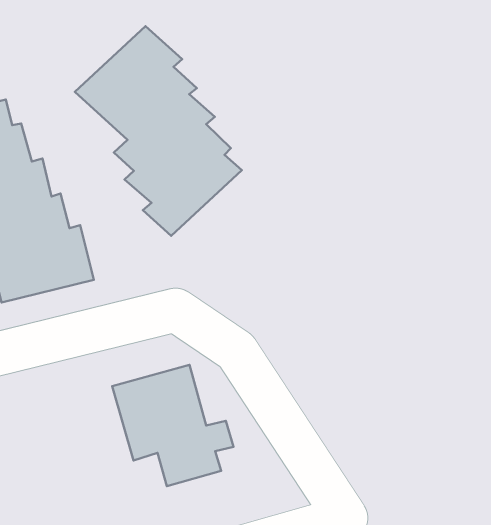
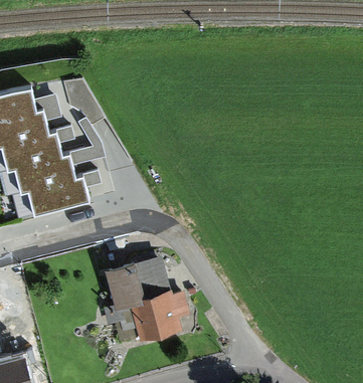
building: [75,26,242,236] -> none

